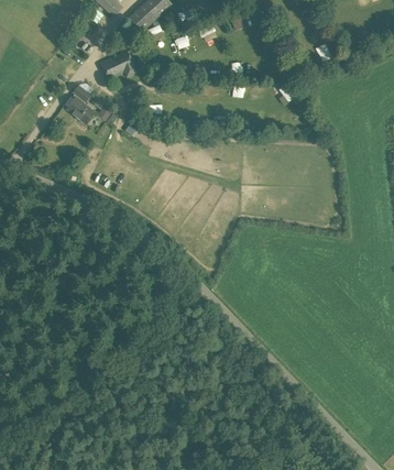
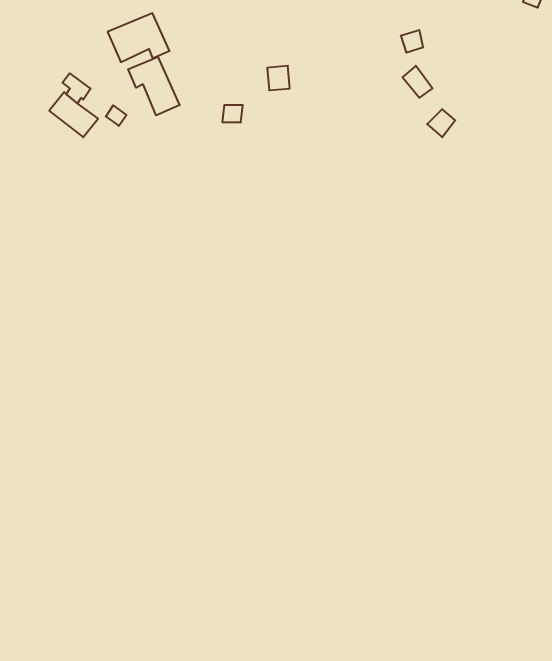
building: none -> [128,57,180,115]

